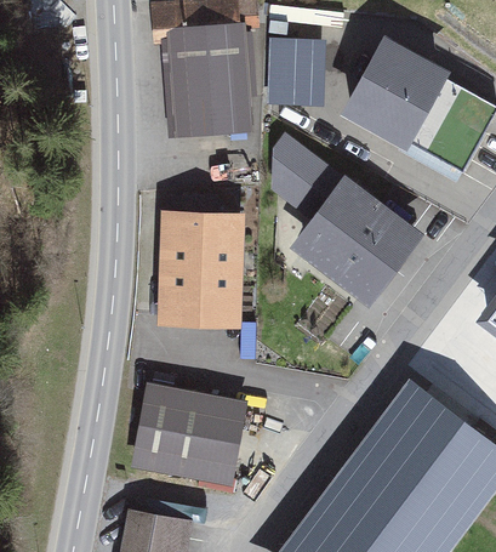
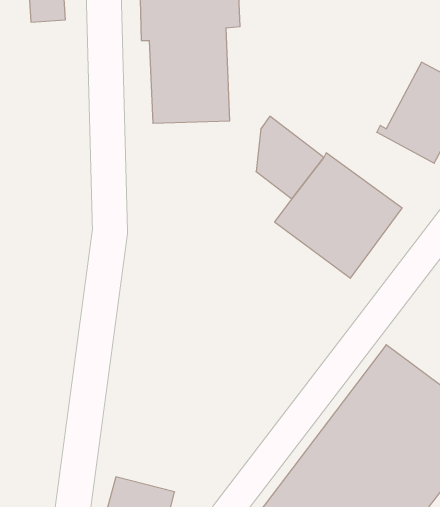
building: [342,29,454,146] -> none
building: [270,36,335,107] -> none
building: [153,215,236,336] -> none
building: [130,395,243,486] -> none

